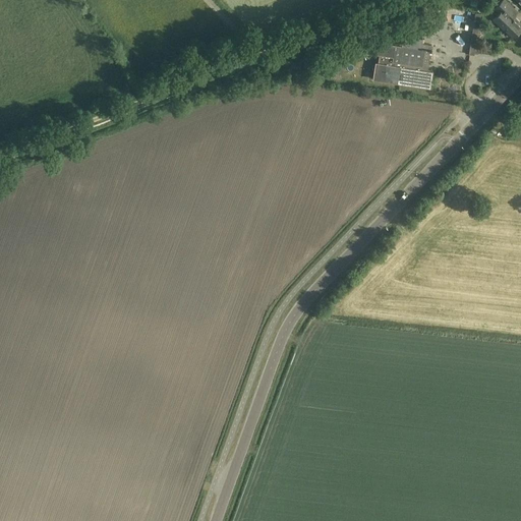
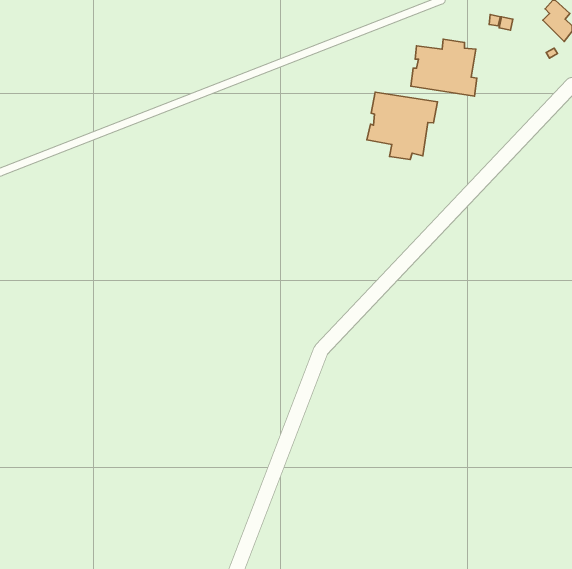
building: none -> [367,92,437,160]

